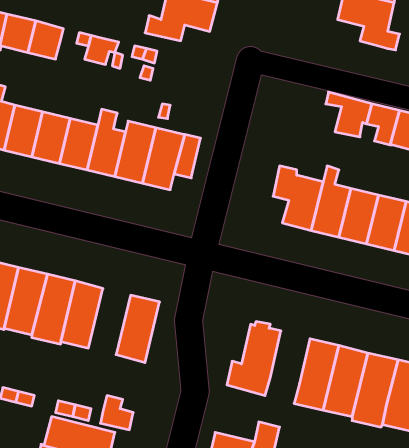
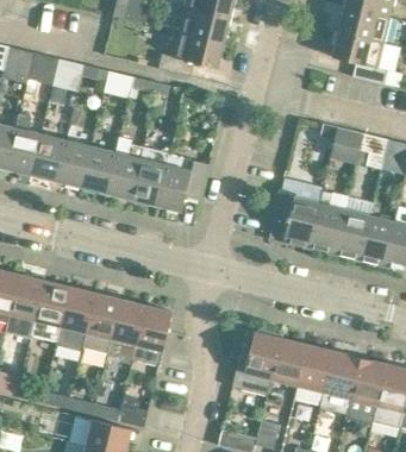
building: none -> [107,300,145,359]
building: none -> [271,338,307,385]

